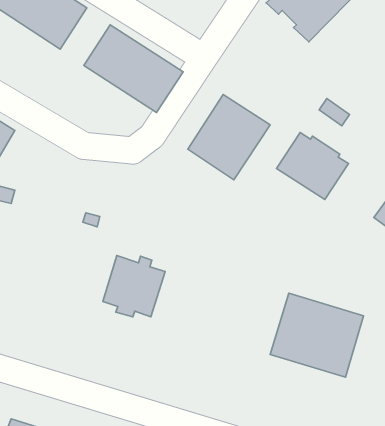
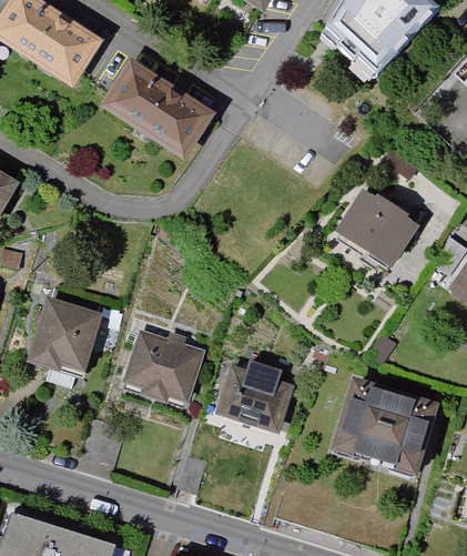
building: [188,95,270,180] -> none
building: none -> [31,299,108,376]
building: none -> [211,358,291,432]

